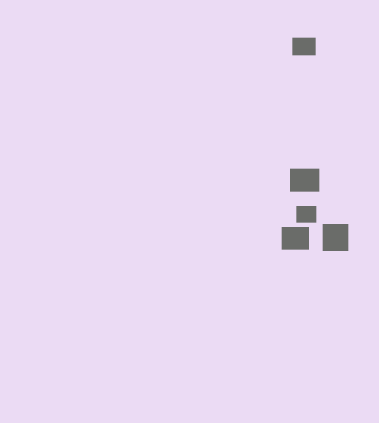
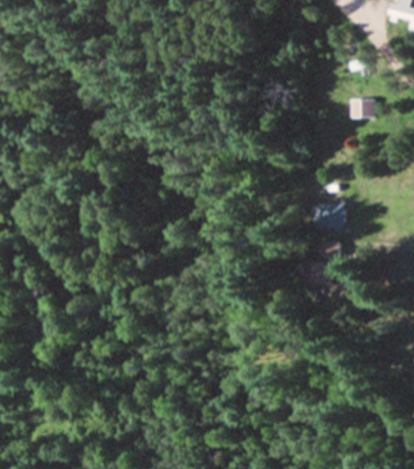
building: [292,37,317,56] -> [349,99,373,117]
building: [322,223,349,252] -> none

